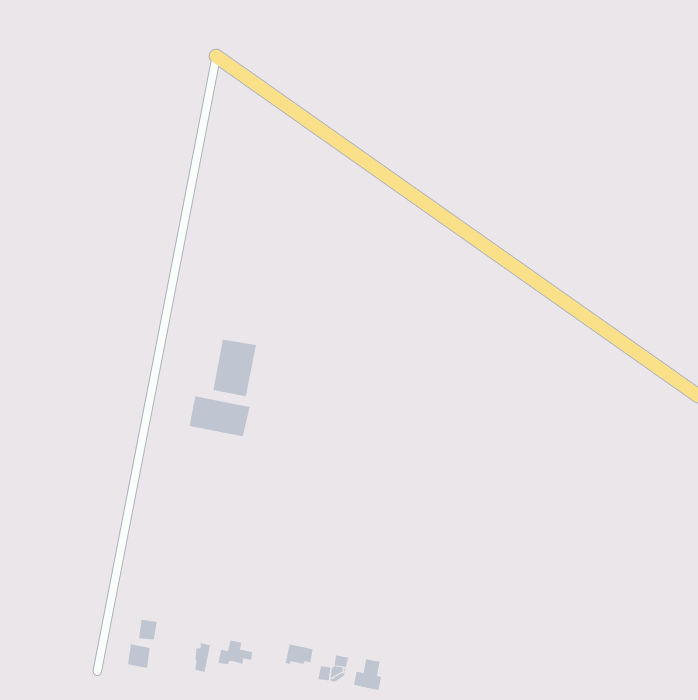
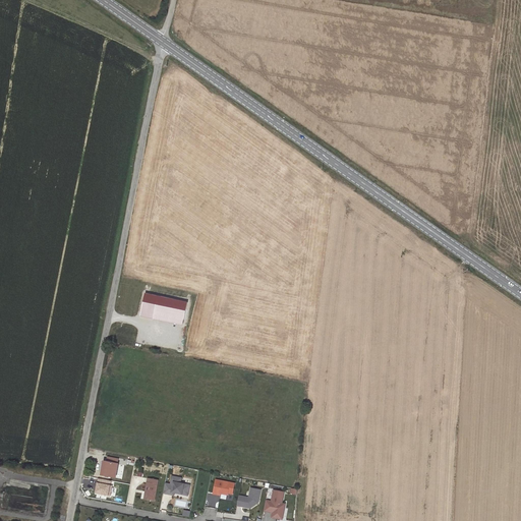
building: [213,339,257,397] -> none

